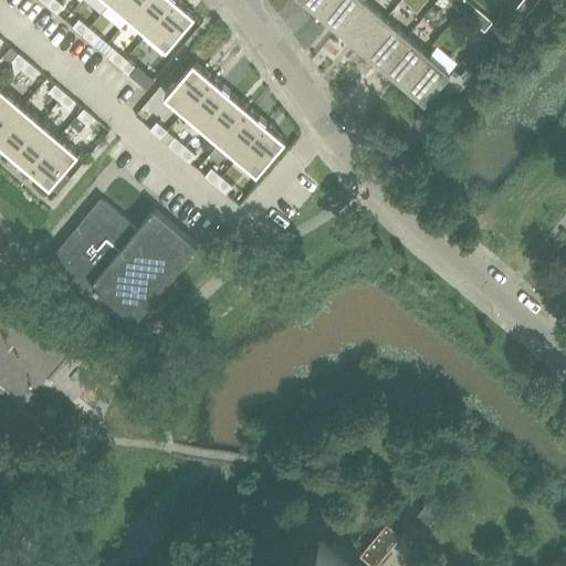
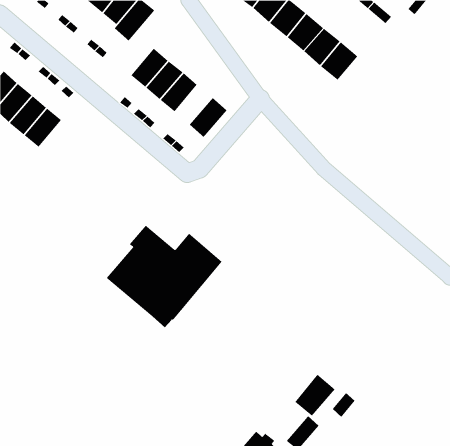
building: [219,113,266,163] -> none
building: [50,203,196,333] -> [106,225,222,328]
building: none -> [295,374,336,417]

